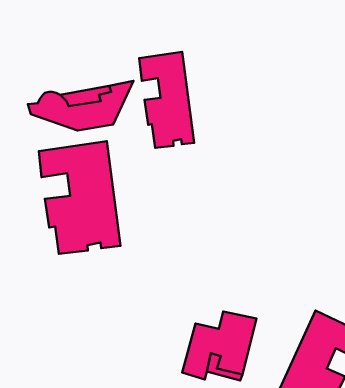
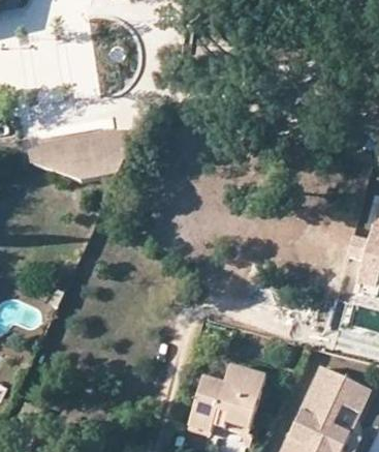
building: [139,52,194,148] -> none
building: [39,141,121,254] -> none

